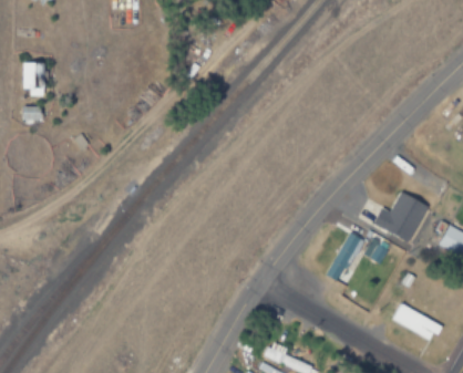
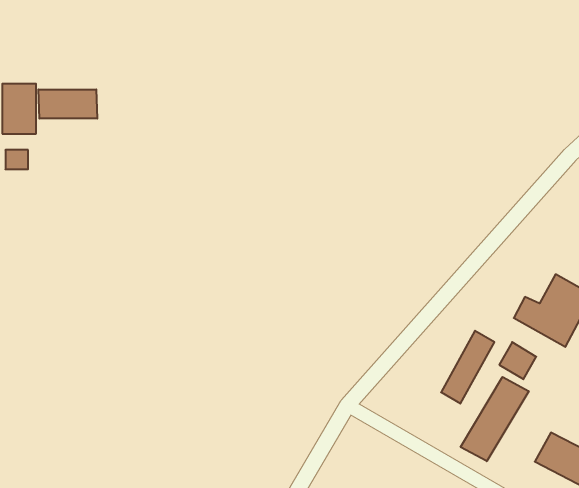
building: none -> [38,89,97,119]
building: none -> [461,377,529,461]

